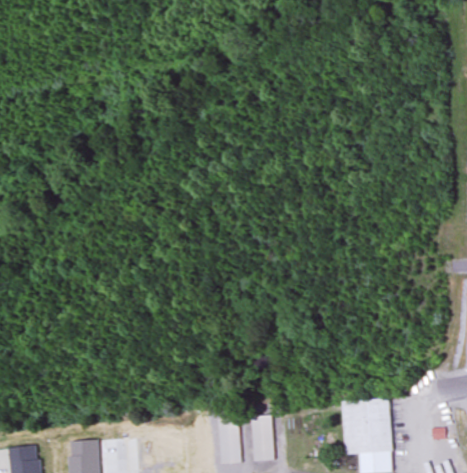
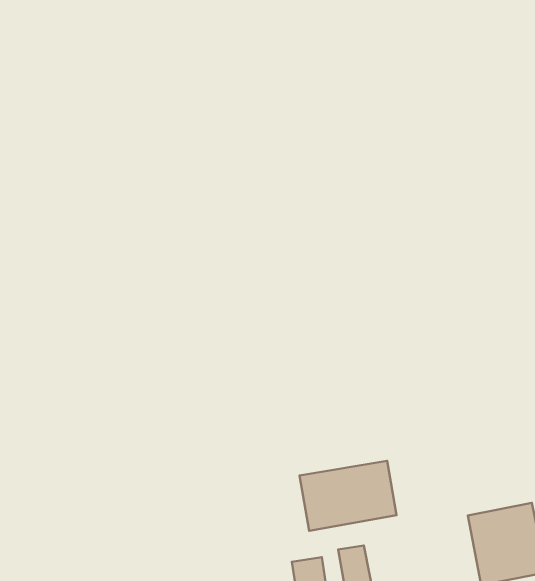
building: none -> [299,461,397,531]

